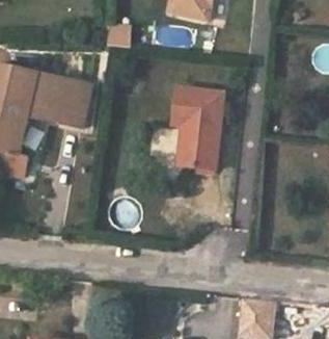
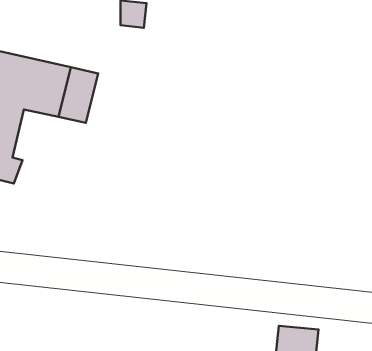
building: [175,88,224,170] -> none

